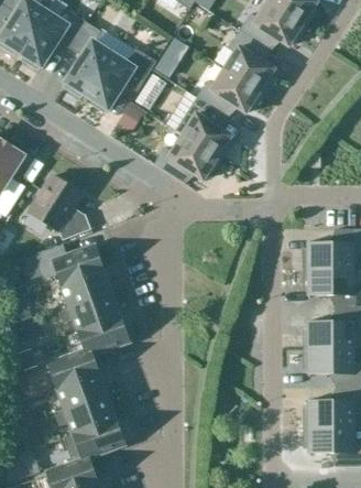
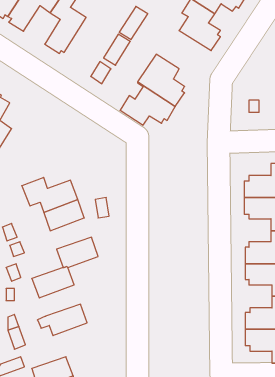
building: [87,48,156,111] -> none
building: [197,67,263,113] -> none
building: [29,174,91,239] -> none
building: [59,292,120,329] -> none
building: [57,372,107,410] -> none
building: [64,417,123,459] -> none

